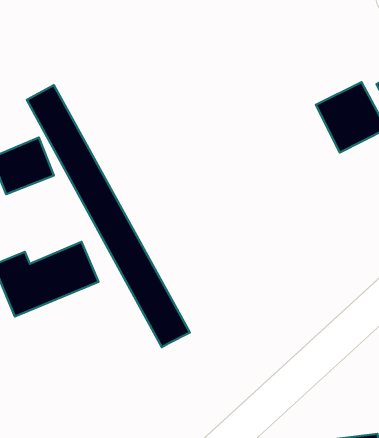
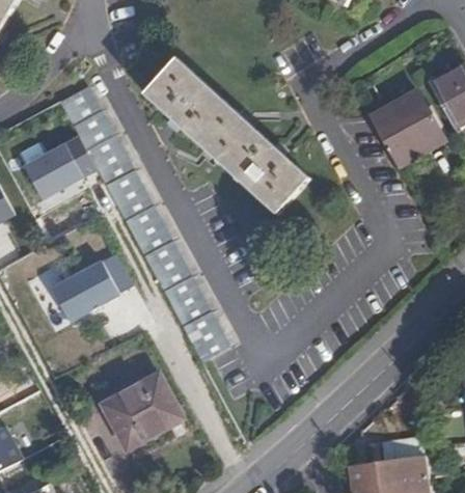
building: none -> [147,59,310,215]
building: none -> [104,371,183,445]

